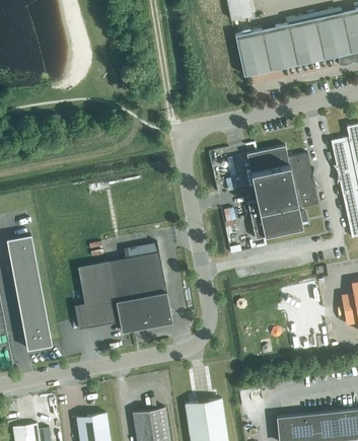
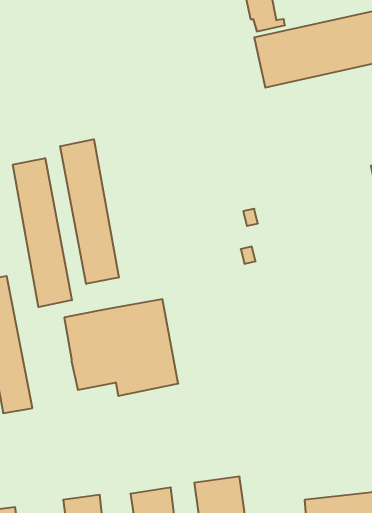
building: none -> [60,139,119,284]
building: none -> [13,158,72,307]
building: [246,146,317,240] -> none

